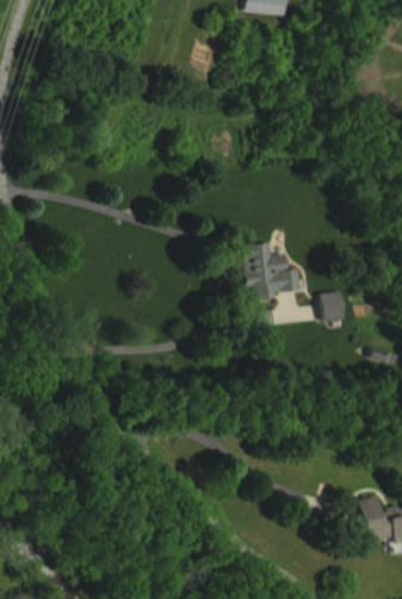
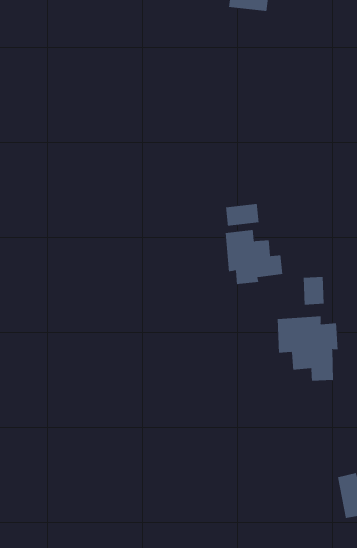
building: none -> [226,203,259,226]
building: none -> [277,315,338,381]

